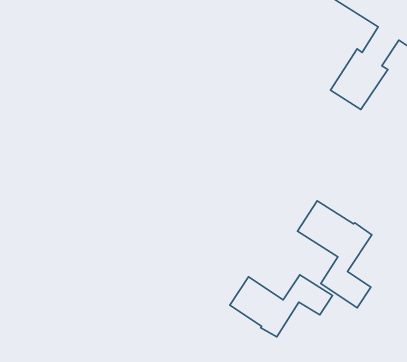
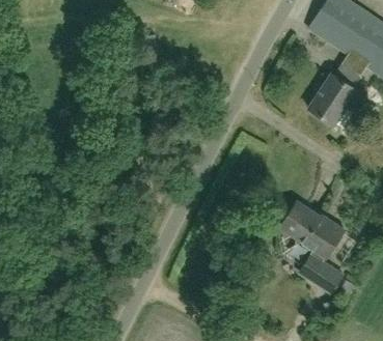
building: [230,275,332,337] -> none

